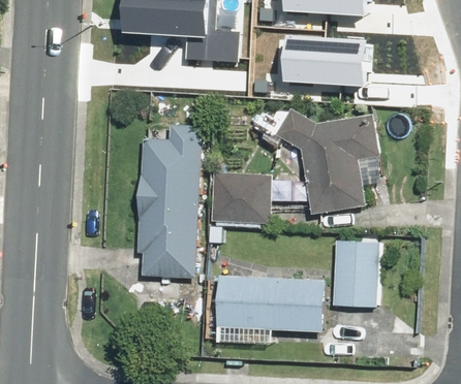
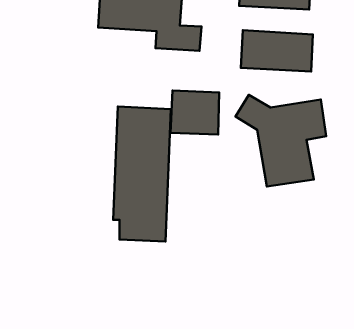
building: [212,172,268,223] -> [171,91,219,135]
building: [332,239,381,308] -> none
building: [216,277,325,334] -> none

